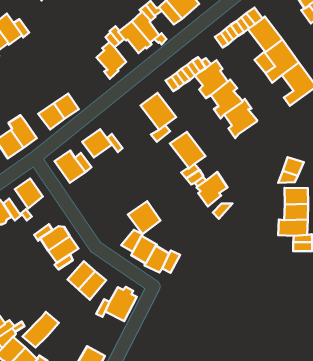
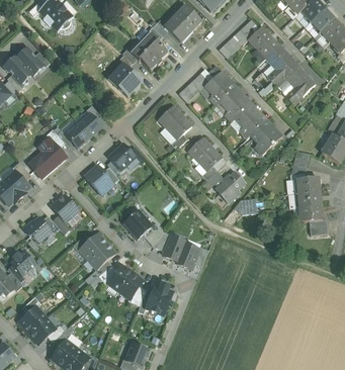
building: none -> [250,119,280,155]
building: [128,201,161,234] -> [122,209,153,240]
building: [22,312,59,348] -> none

